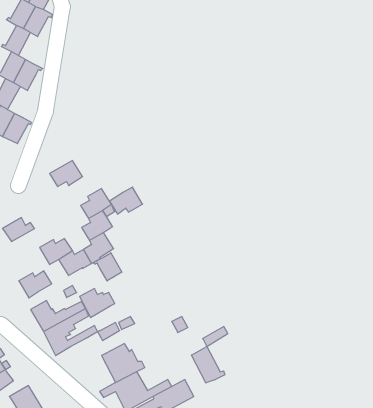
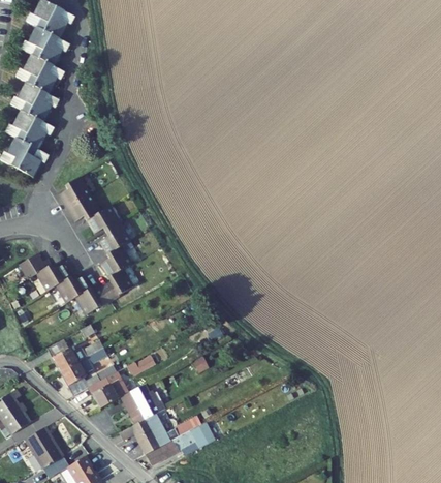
building: none -> [34,62,64,94]
building: none -> [23,118,54,150]
building: none -> [58,177,90,208]
building: [110,187,143,214] -> [86,206,120,234]
building: [93,253,122,281] -> none
building: [19,271,52,298] -> [36,263,70,291]
building: [80,289,115,318] -> [88,379,124,409]
building: [191,347,225,383] -> none

